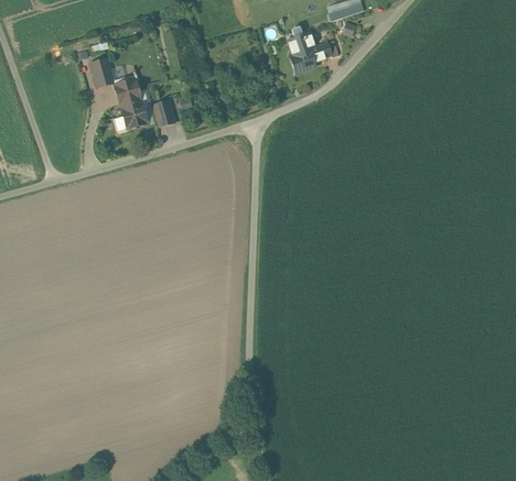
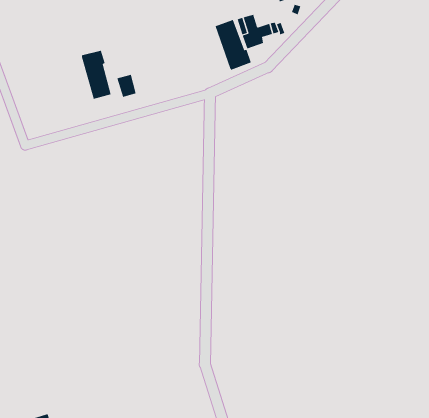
building: none -> [215,19,251,71]
building: [90,58,115,87] -> none

